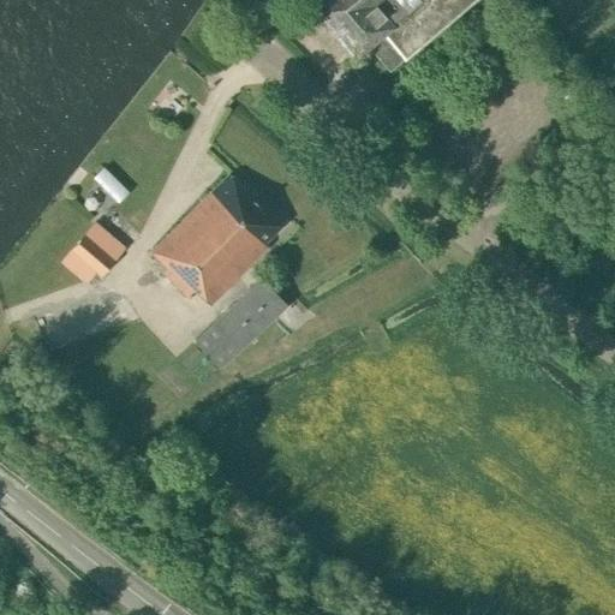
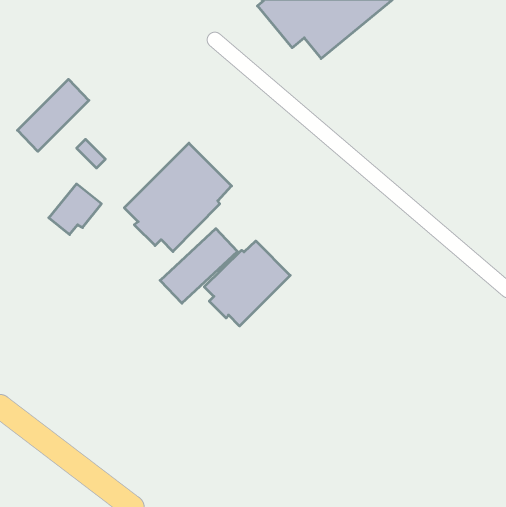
building: none -> [17,79,89,151]
building: none -> [204,241,290,326]

